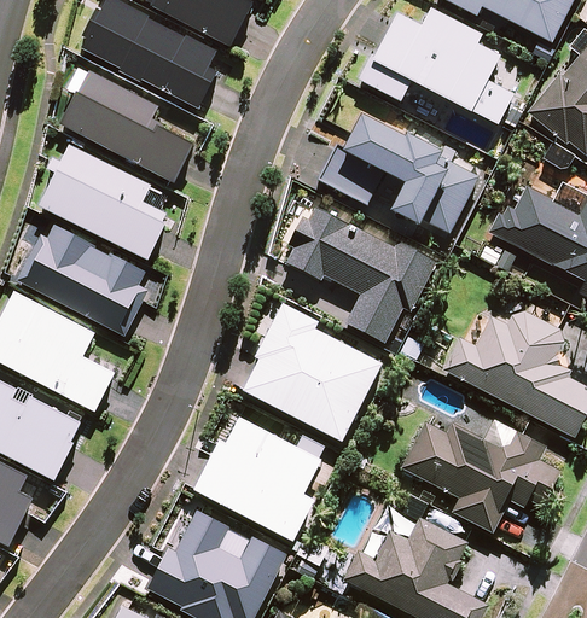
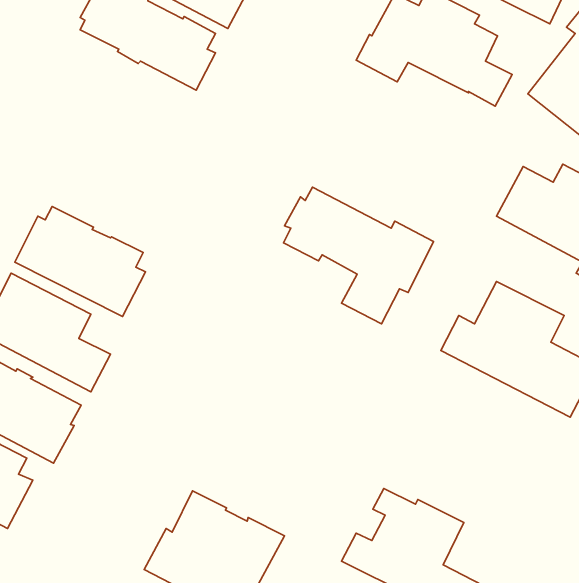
building: [63,68,196,185] -> none
building: [318,115,478,234] -> none
building: [41,146,169,262] -> none
building: [243,303,383,442] -> none
building: [193,416,321,542] -> none
building: [401,422,559,531] -> none

